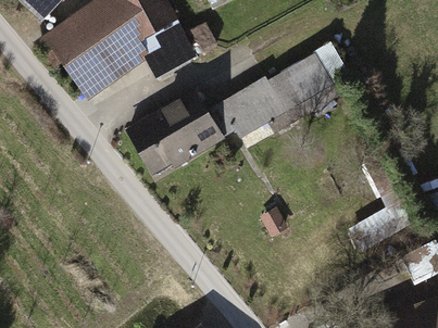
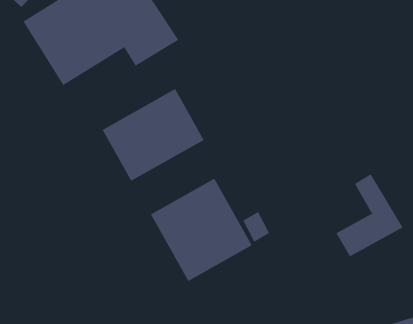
building: [217,56,343,142] -> none
building: none -> [150,178,253,282]

